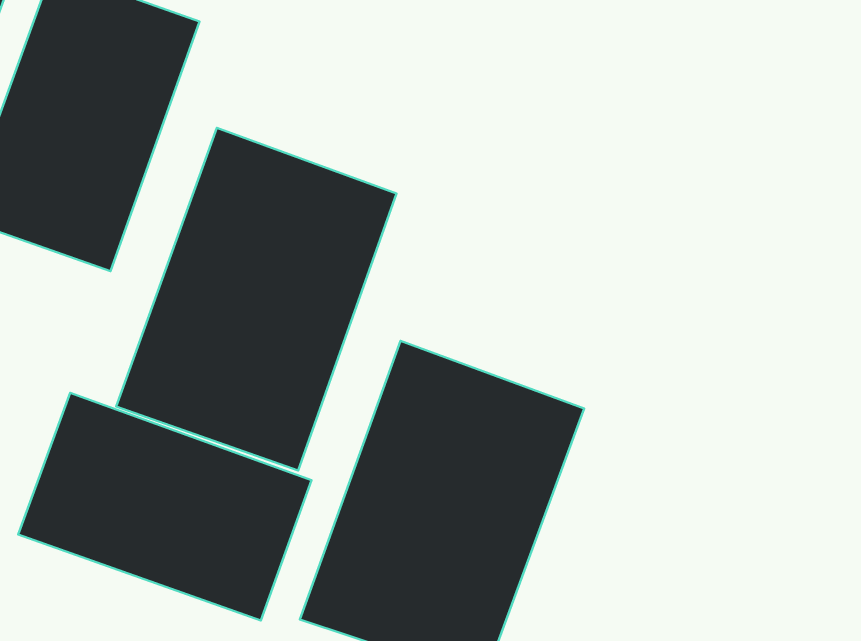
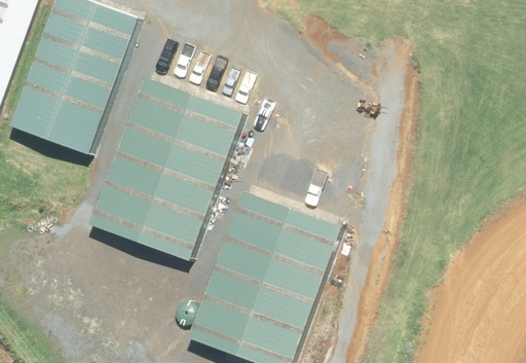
building: [18,393,312,621] -> none

